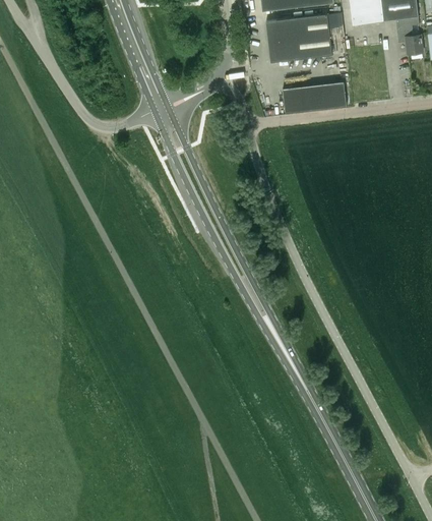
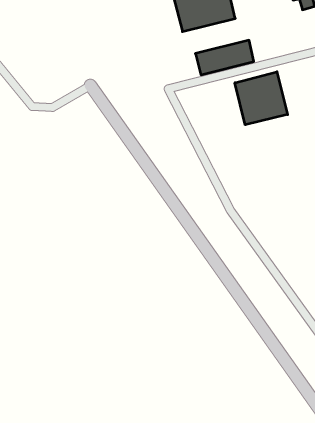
building: none -> [235,72,288,125]

